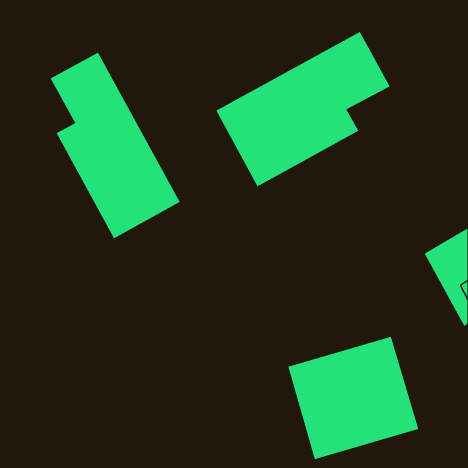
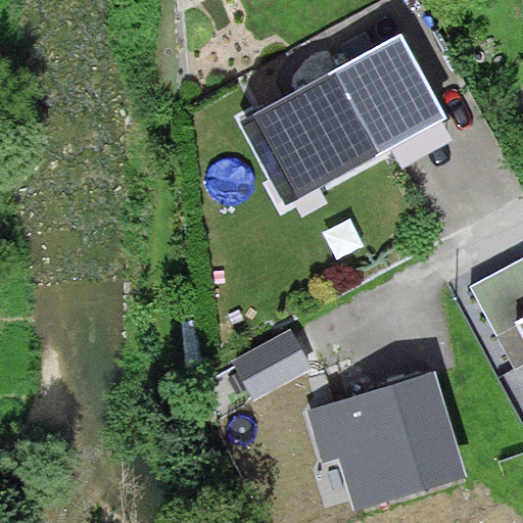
building: [50,52,181,239] -> none
building: none -> [231,324,321,405]

